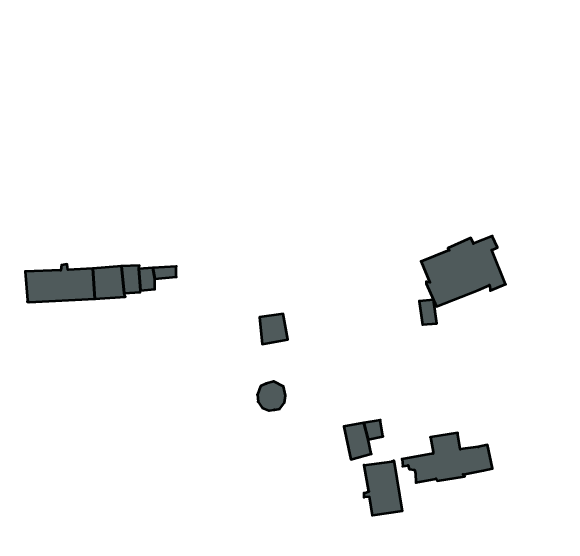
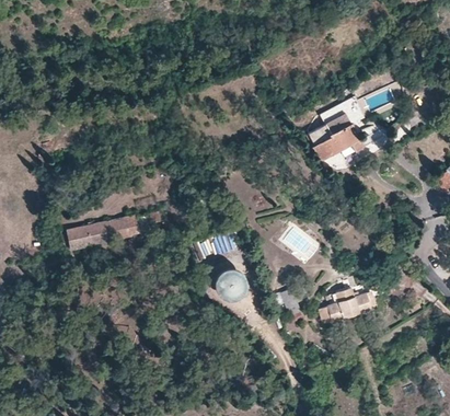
building: [421,236,506,306] -> [310,109,365,159]
building: [364,461,402,515] -> none

